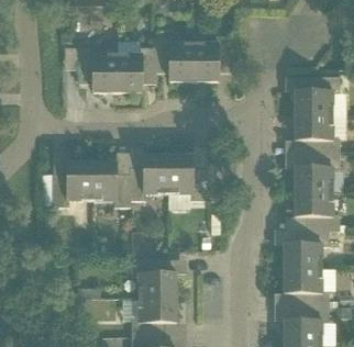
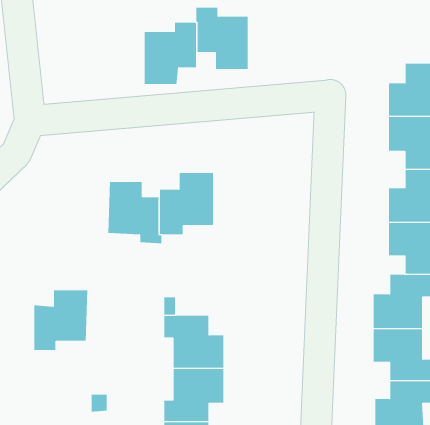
building: [193,36,233,81] -> none
building: [78,47,118,92] -> none
building: [168,156,207,200] -> none
building: [53,163,92,206] -> [34,290,88,350]

